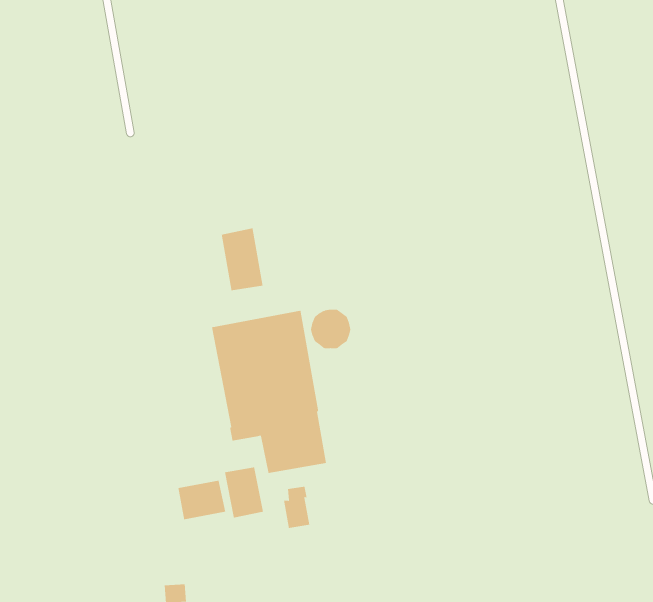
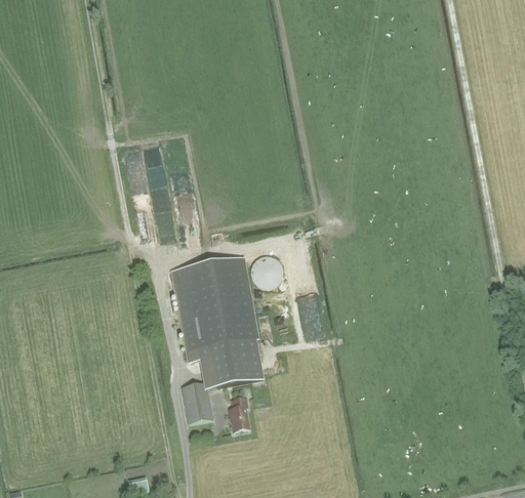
building: [221,227,263,291] -> none
building: [178,480,226,520] -> none

